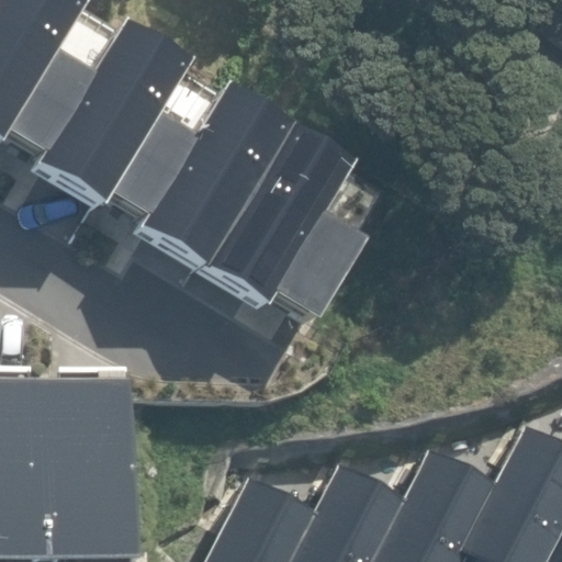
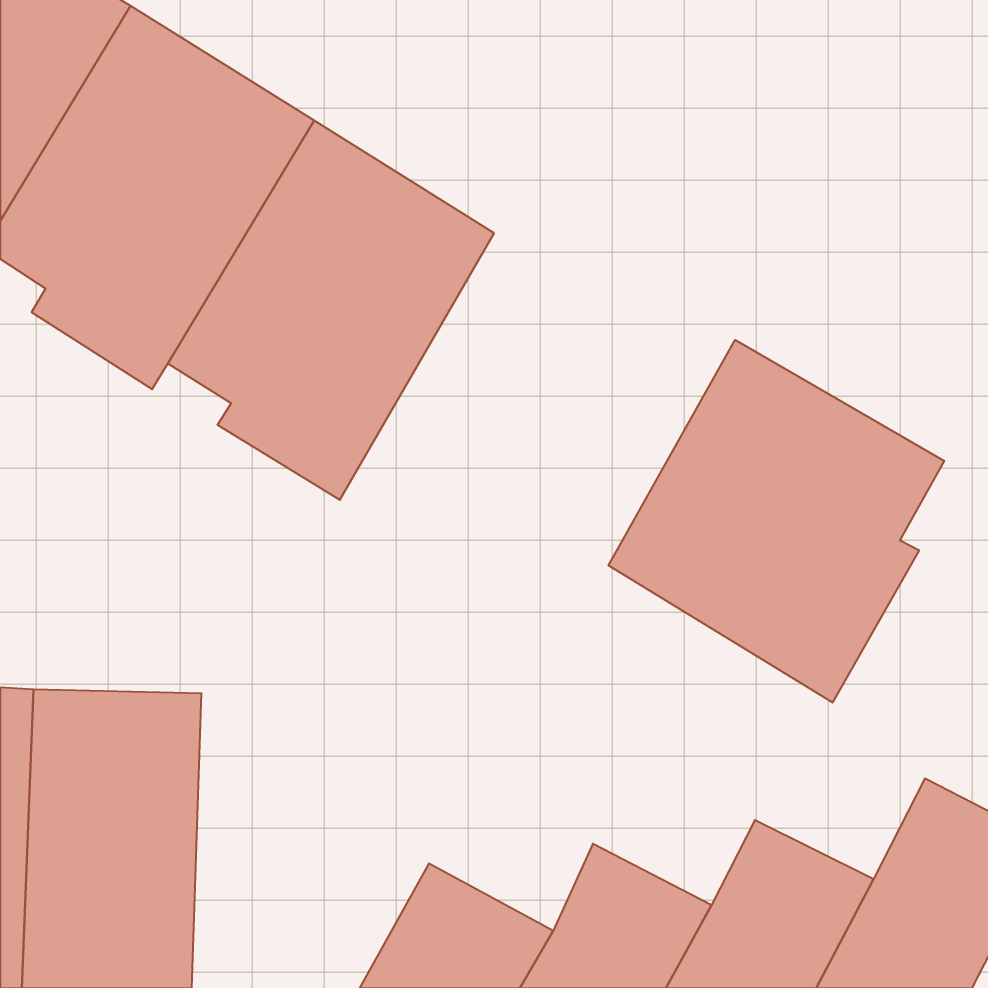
building: [201,130,385,327] -> none
building: none -> [609,340,944,703]

